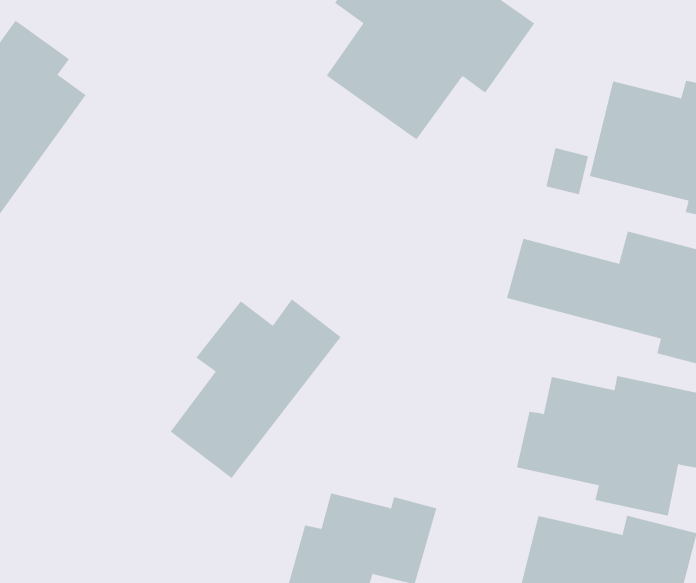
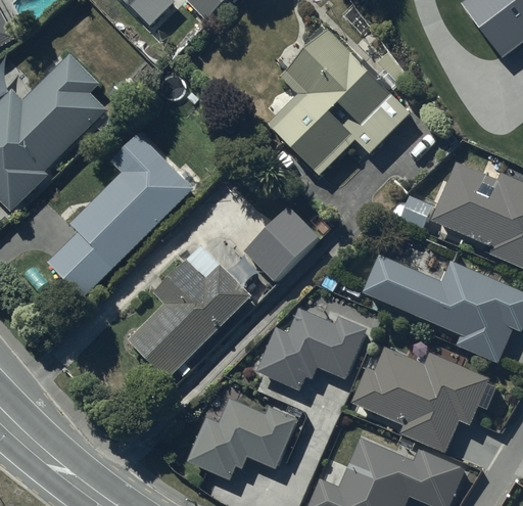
building: none -> [49,136,191,297]
building: none -> [243,208,320,284]
building: none -> [256,311,364,395]

